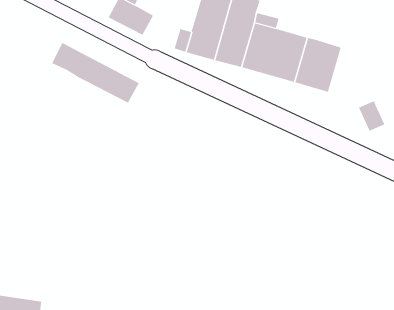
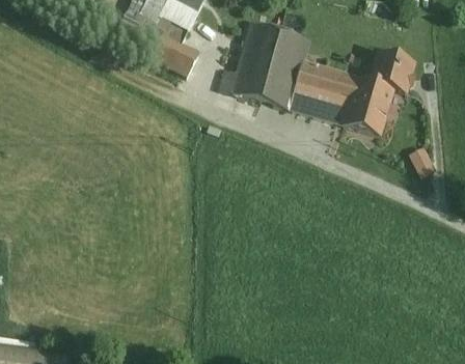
building: none -> [370,47,413,90]
building: [52,42,140,103] -> none

